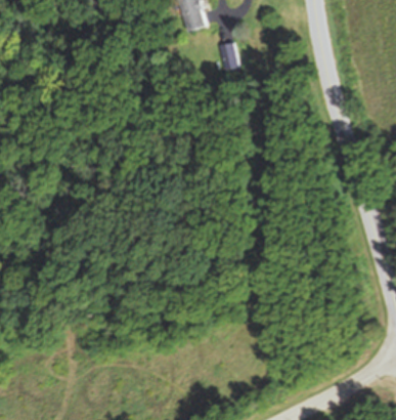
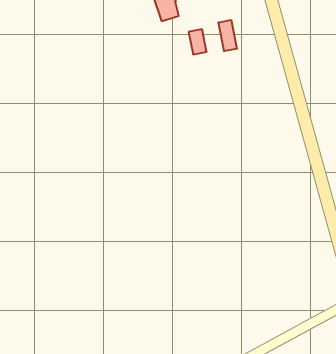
building: none -> [218,20,237,51]

